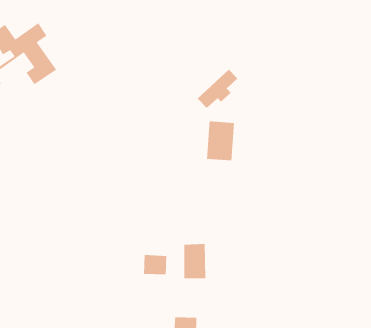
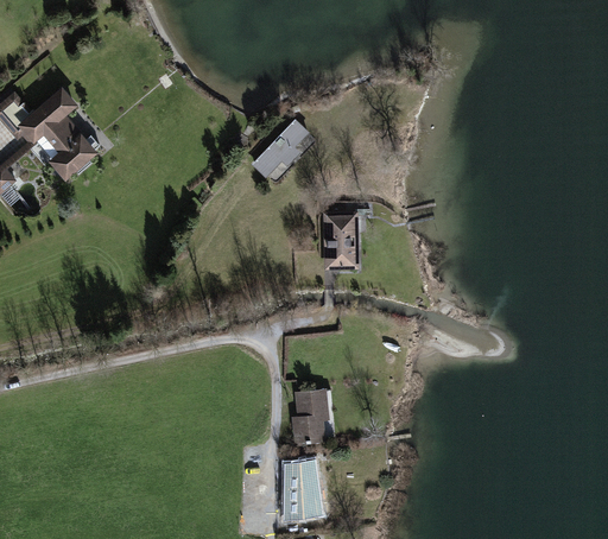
building: [197,69,238,109] -> [248,118,306,178]
building: [143,254,167,275] -> [290,461,325,490]

